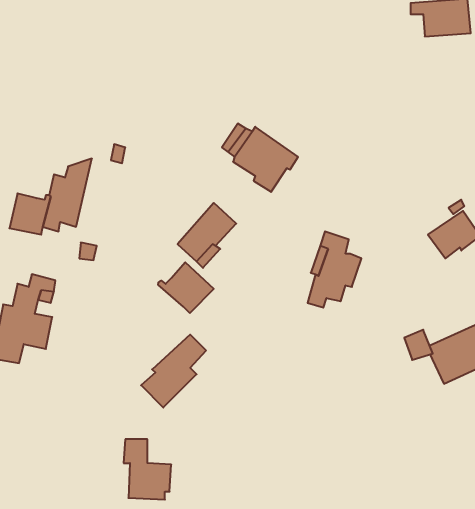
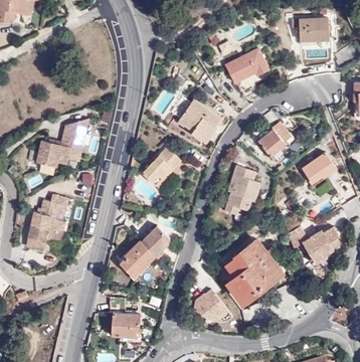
building: none -> [226,48,267,82]
building: none -> [257,116,295,156]
building: [158,262,214,313] -> none
building: none -> [222,239,280,300]
building: none -> [192,288,229,326]

